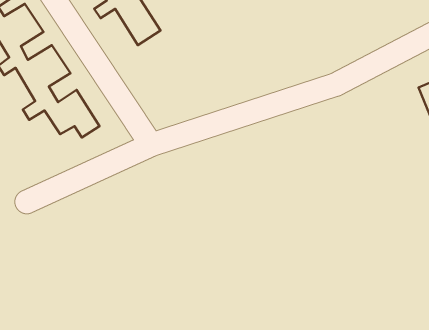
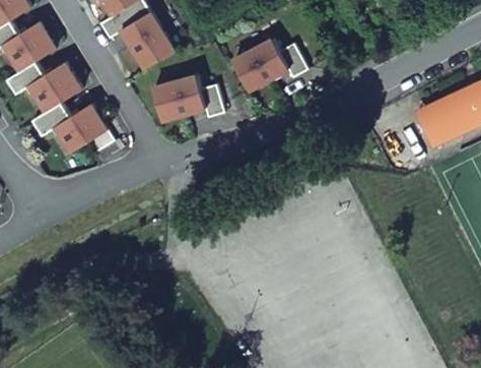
building: none -> [235,41,310,91]
building: none -> [154,76,223,120]

